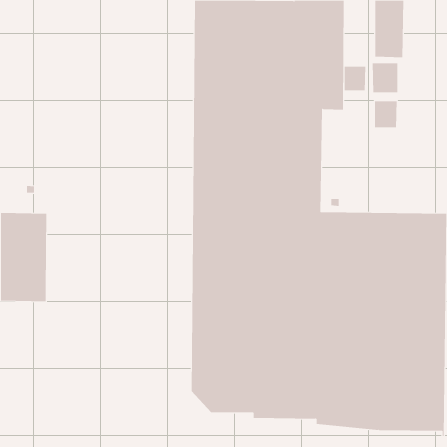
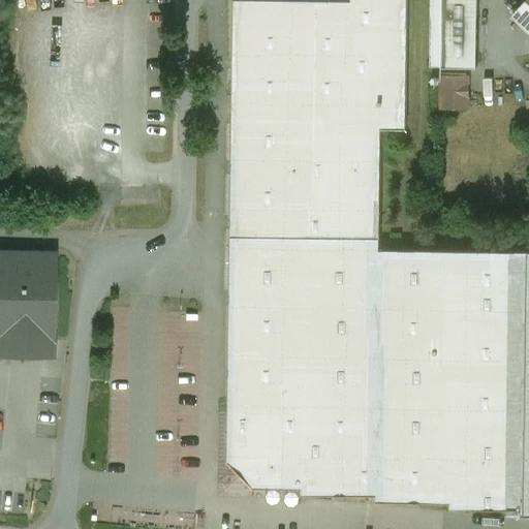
building: [344,66,366,91] -> none
building: [375,100,397,128] -> none

